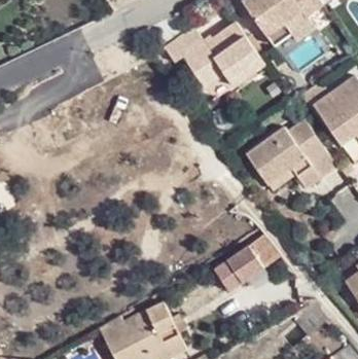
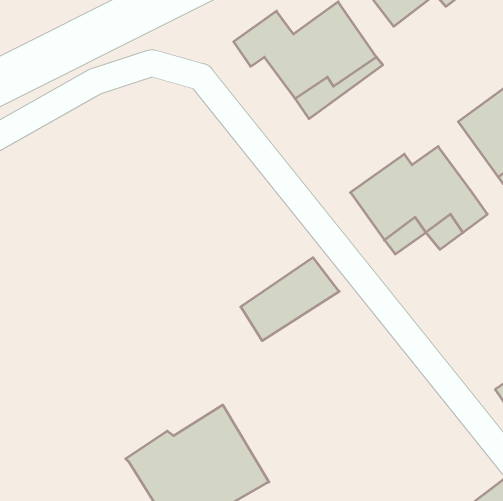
building: [213,235,279,290] -> [241,258,339,341]

